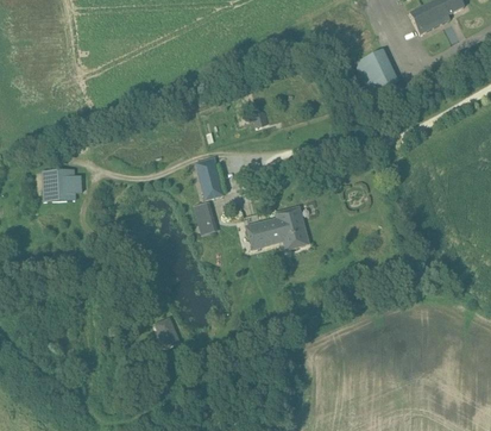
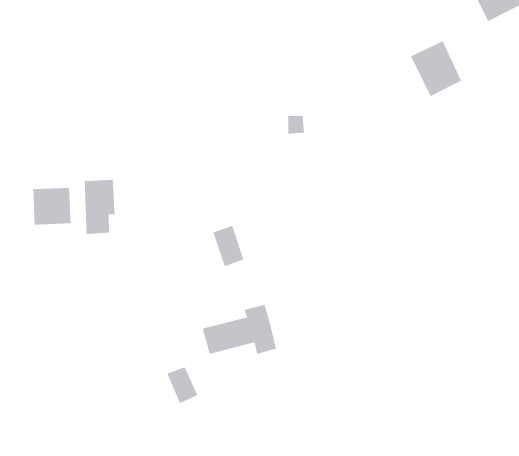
building: [196,157,224,199] -> none
building: none -> [84,179,115,235]
building: [246,206,308,248] -> [202,304,277,355]

